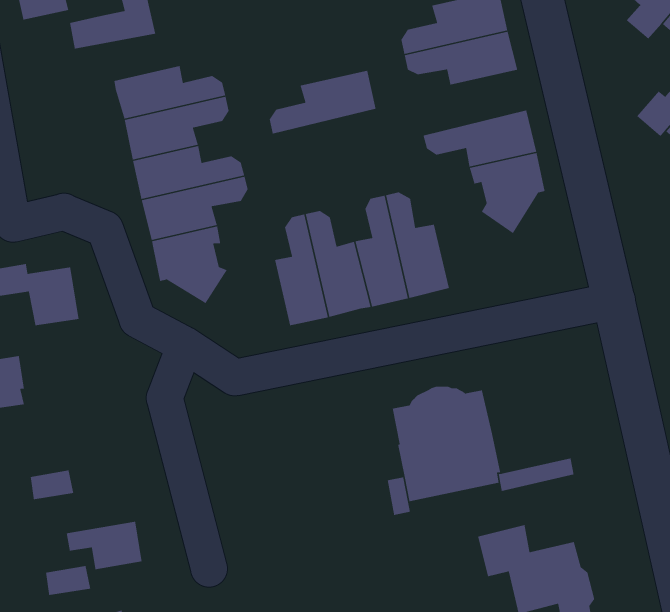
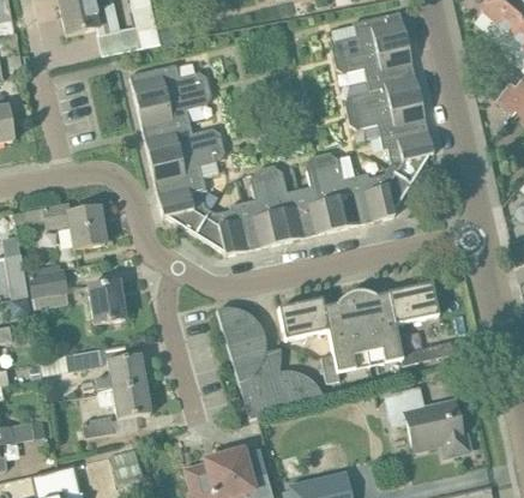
building: [269,70,376,135] -> [344,67,420,113]
building: none -> [355,167,410,221]
building: none -> [194,200,253,253]
building: none -> [88,278,126,323]
building: none -> [389,282,439,323]
building: none -> [278,296,330,338]
building: none -> [216,306,324,418]
building: none -> [95,354,145,392]

